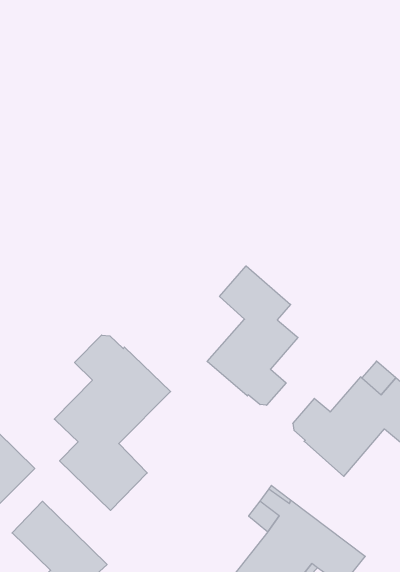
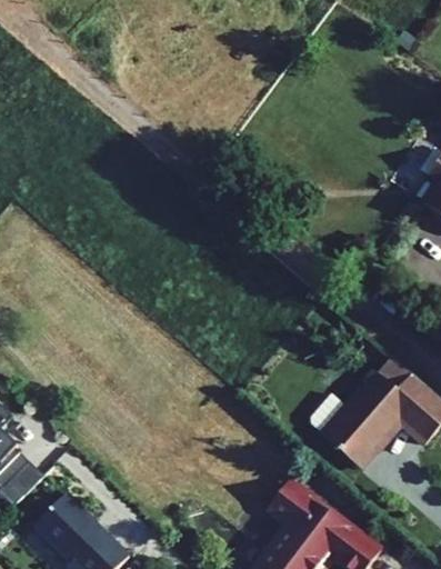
building: [207,266,298,405] -> none
building: [54,335,171,510] -> none

